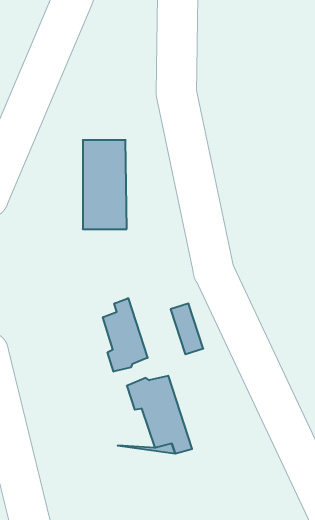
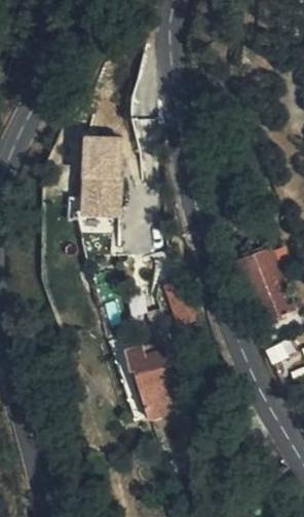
building: none -> [236,251,284,321]
building: [103,298,148,372] -> none

